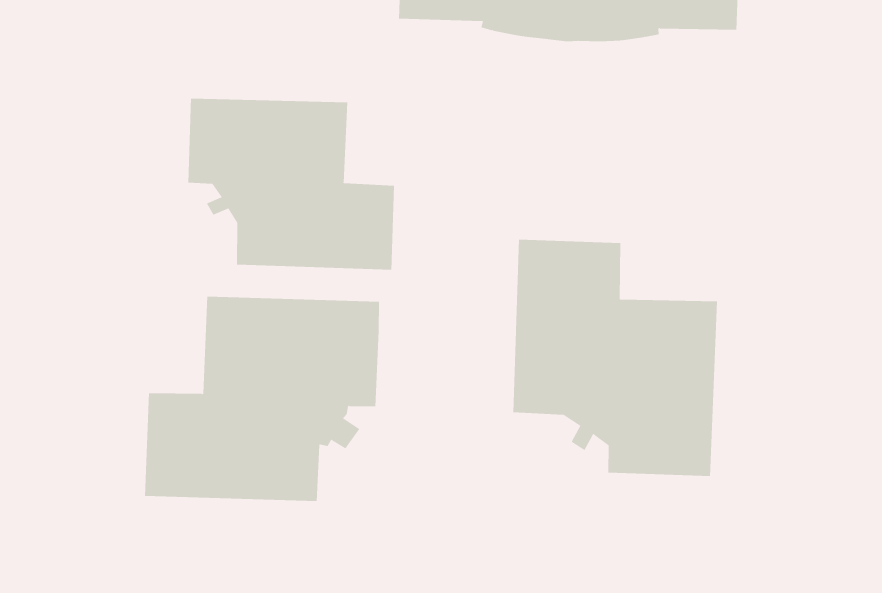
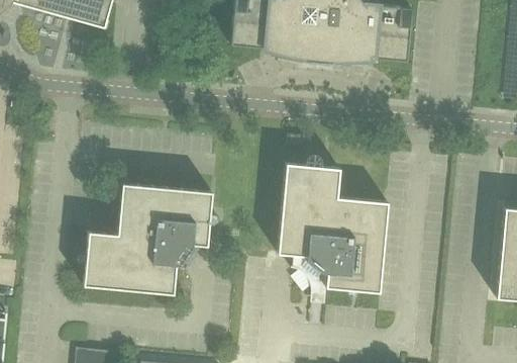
building: [188,98,395,271] -> none

